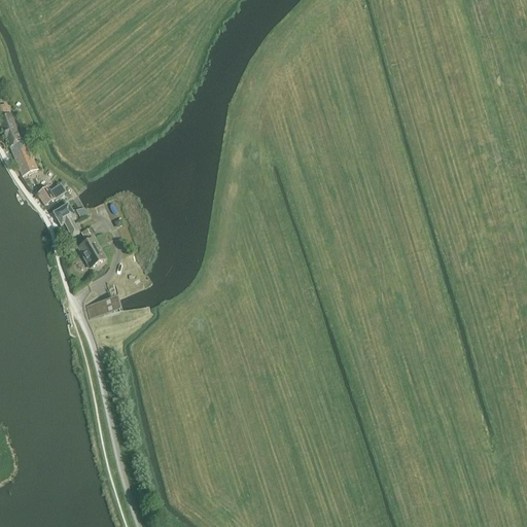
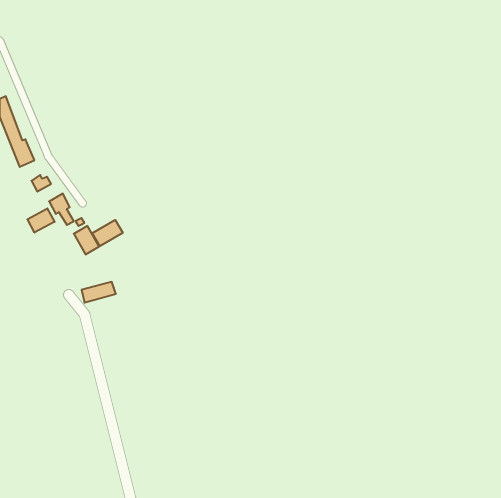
building: none -> [27,208,55,233]
building: none -> [92,220,123,246]

